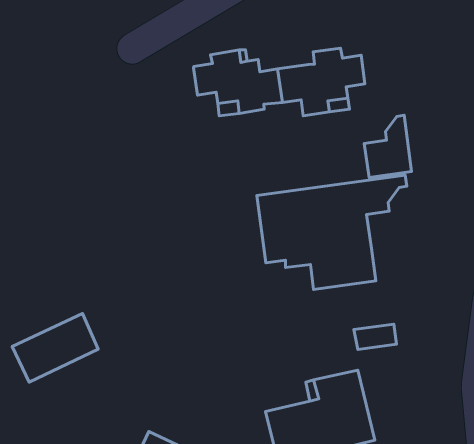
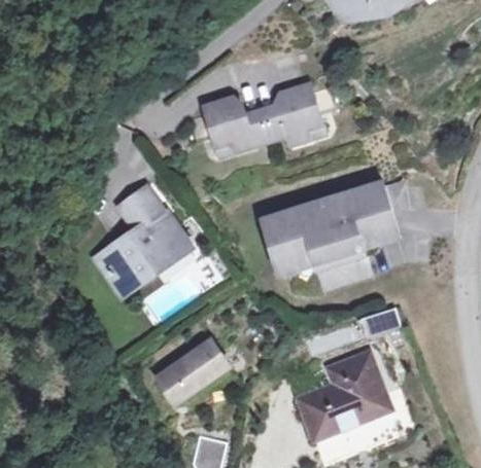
building: [364,115,412,177] -> [354,188,399,246]
building: none -> [95,186,186,292]
building: [12,314,98,382] -> [154,338,228,404]

